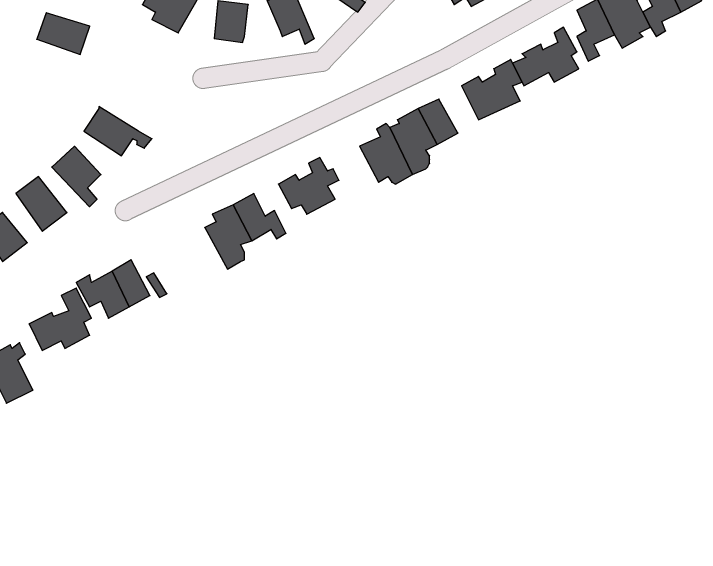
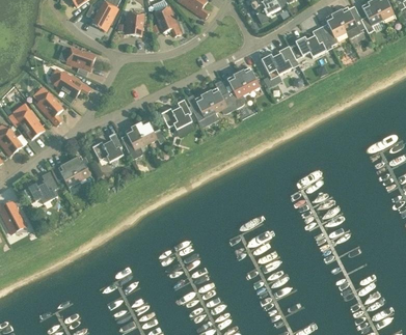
building: [37,13,90,54] -> [66,48,96,71]
building: none -> [191,92,216,120]
building: none -> [92,132,124,162]

